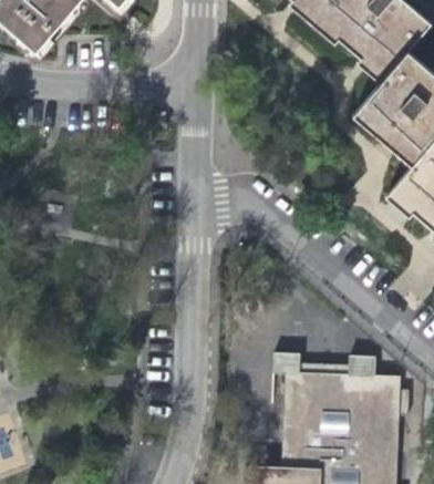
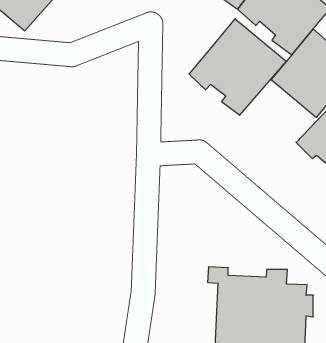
building: none -> [189,19,286,115]

